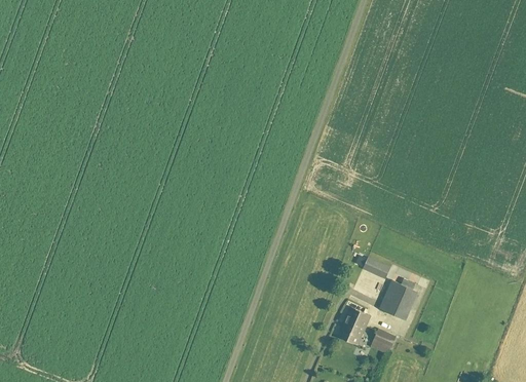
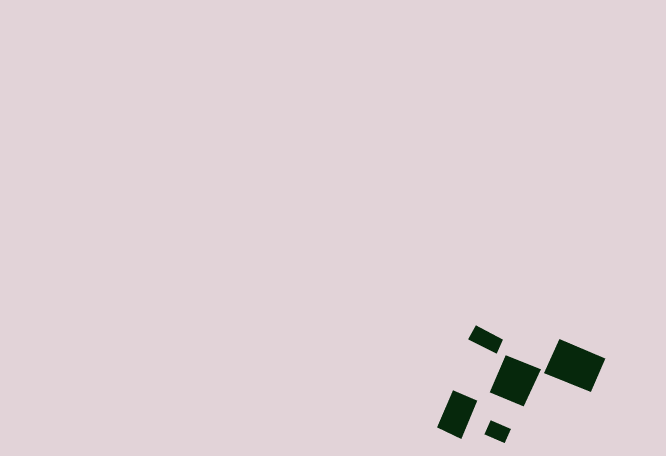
building: none -> [543,338,606,393]

